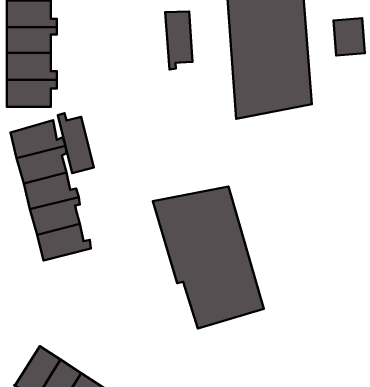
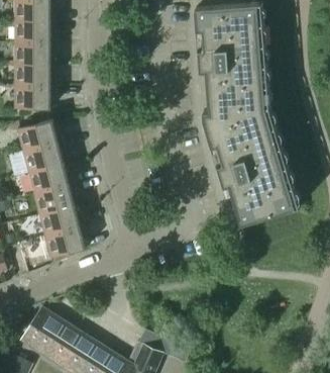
building: [165,11,192,70] -> none
building: [333,18,365,56] -> none
building: [58,113,94,173] -> none
building: [153,187,264,328] -> [204,106,296,223]
building: none -> [44,225,86,258]

